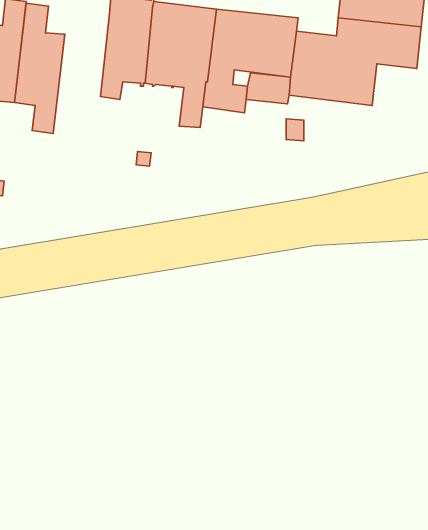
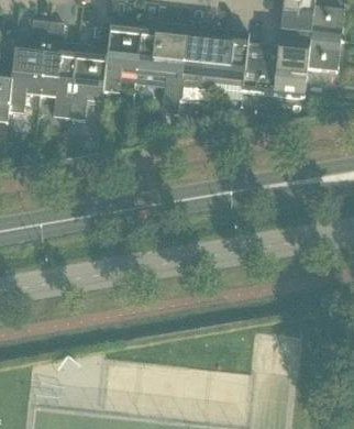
building: none -> [68,28,110,121]

